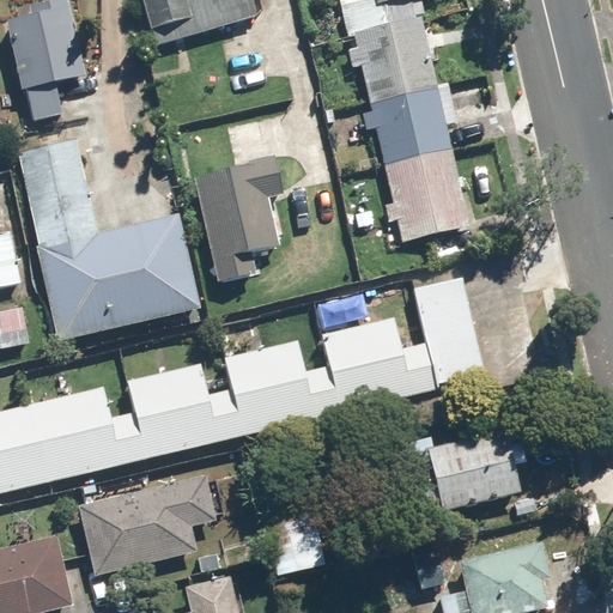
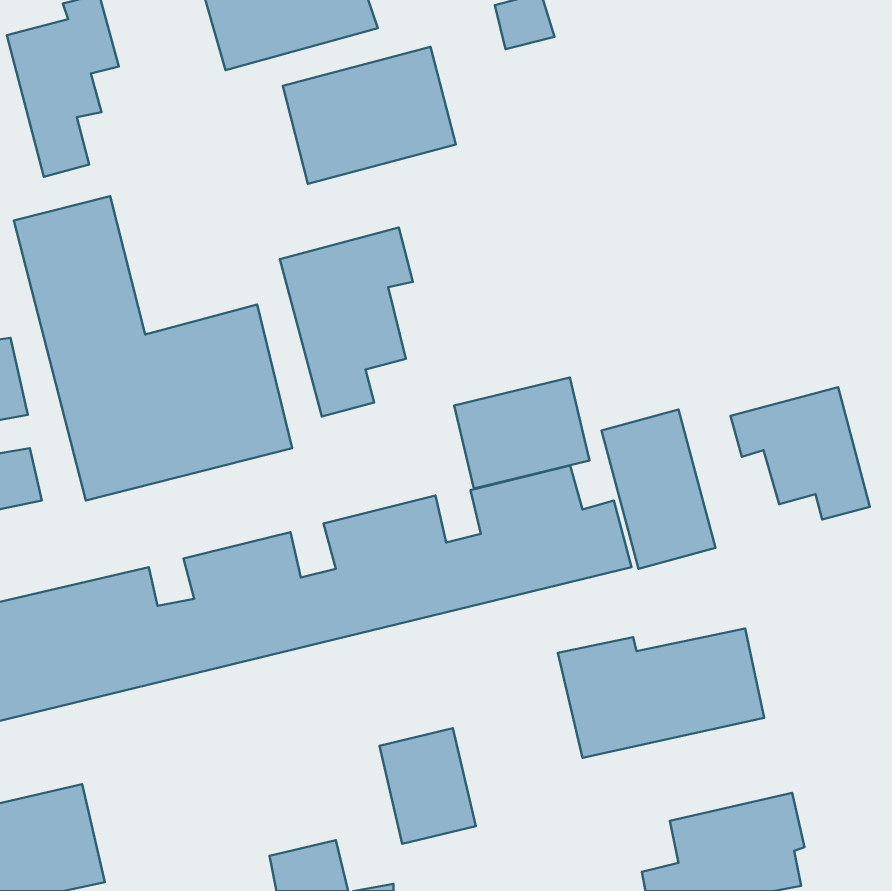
building: [350,18,474,245] -> none
building: none -> [283,47,456,184]
building: none -> [454,377,589,488]
building: none -> [731,387,870,520]
building: [78,473,214,573] -> none

